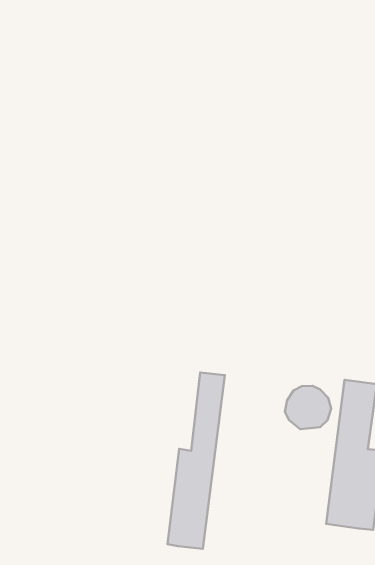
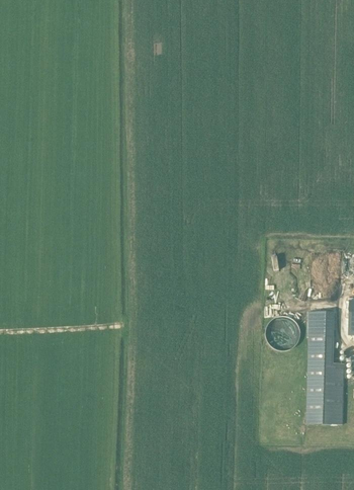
building: [168,372,225,549] -> none

